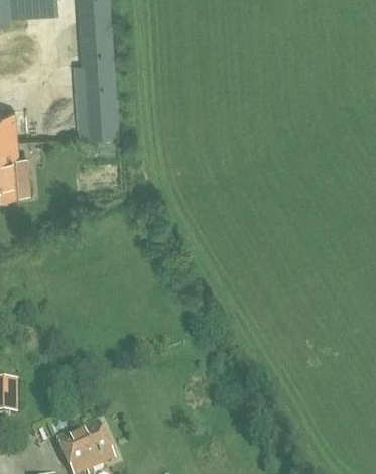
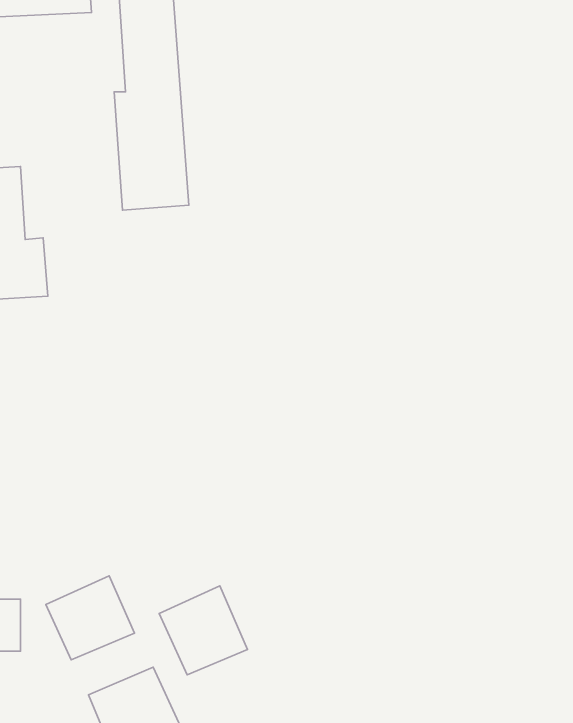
building: none -> [46,576,134,660]
building: none -> [159,586,248,675]

